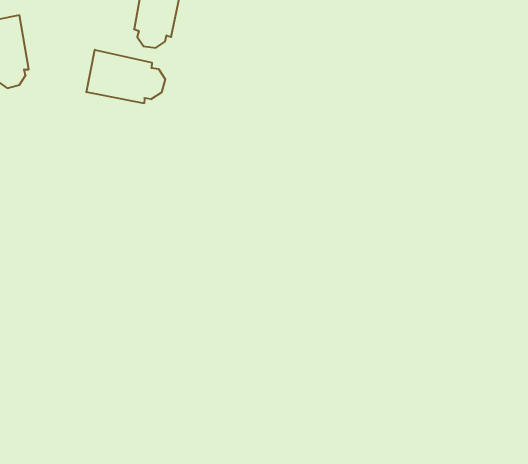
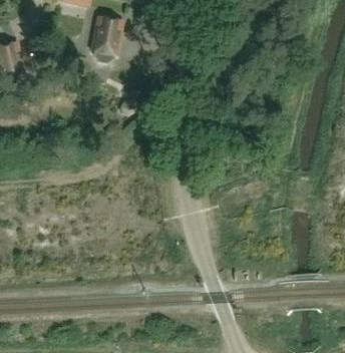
building: [86,50,165,103] -> none

